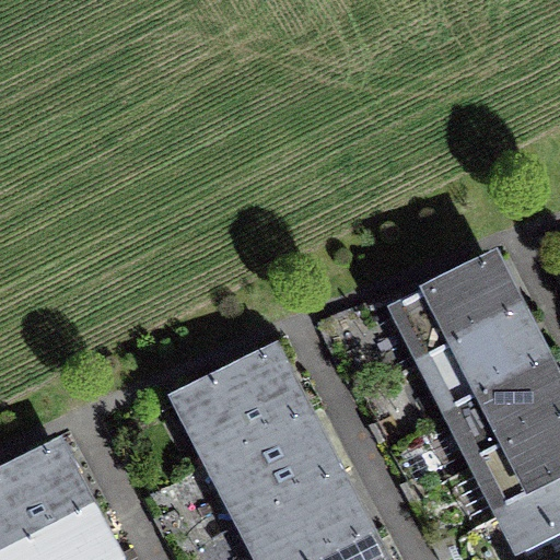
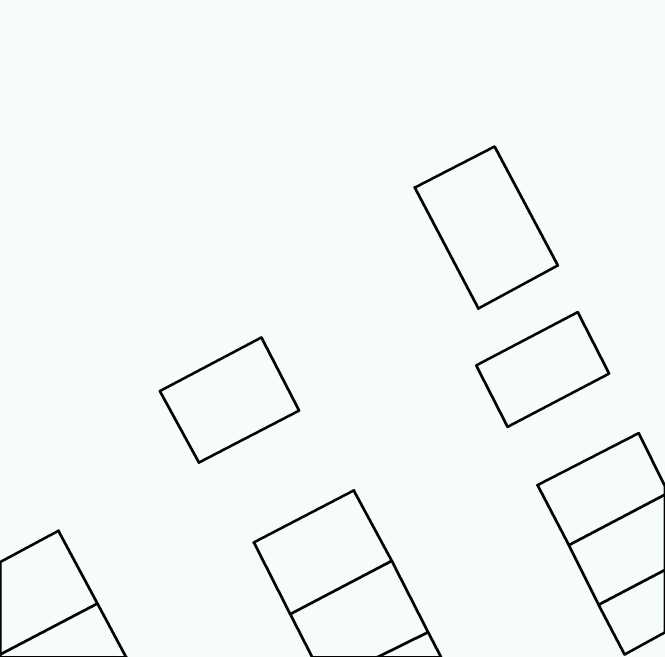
building: none -> [415,147,558,309]
building: [427,314,537,408] -> none
building: [180,351,298,456] -> [160,338,299,463]

